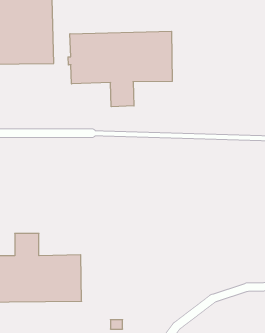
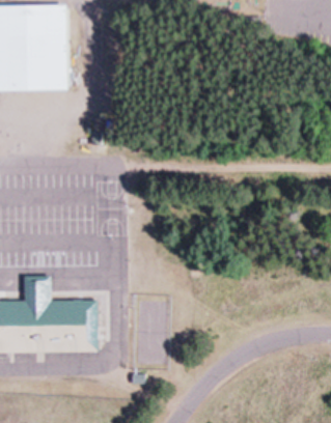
building: [68,31,172,107] -> none

